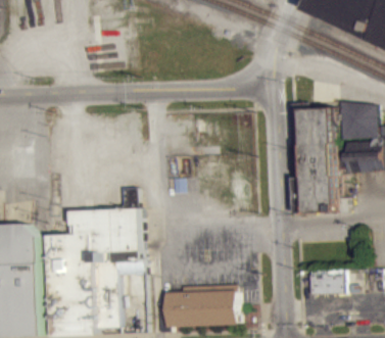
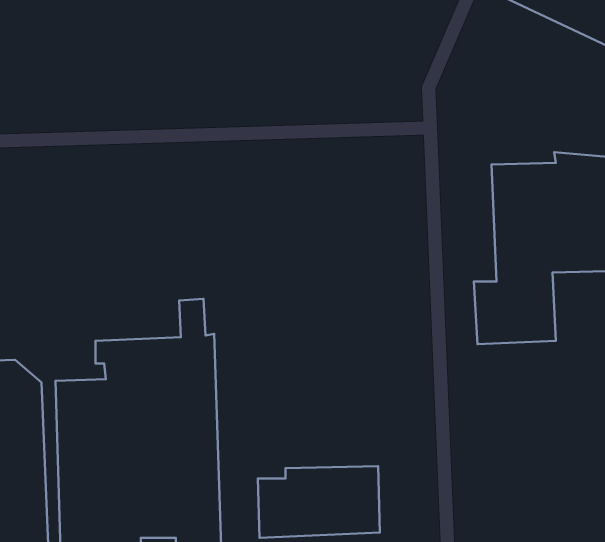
building: [305,273,340,294] -> none

